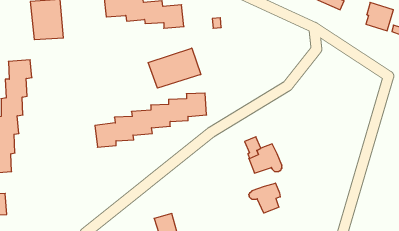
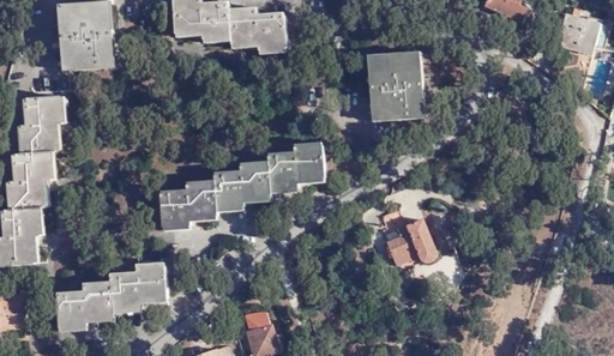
building: none -> [368,54,417,115]
building: [148,48,201,88] -> none
building: none -> [55,265,167,326]
building: [249,183,280,213] -> none

